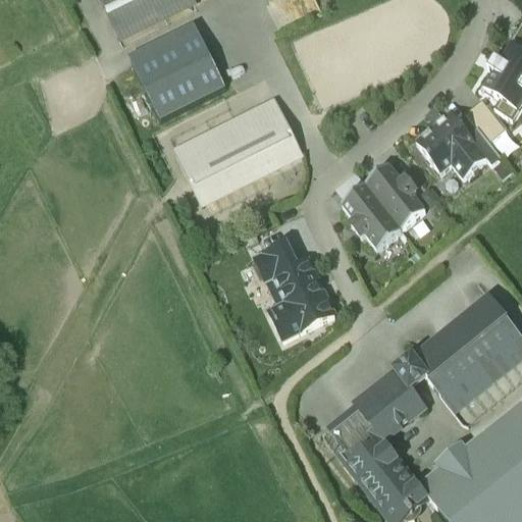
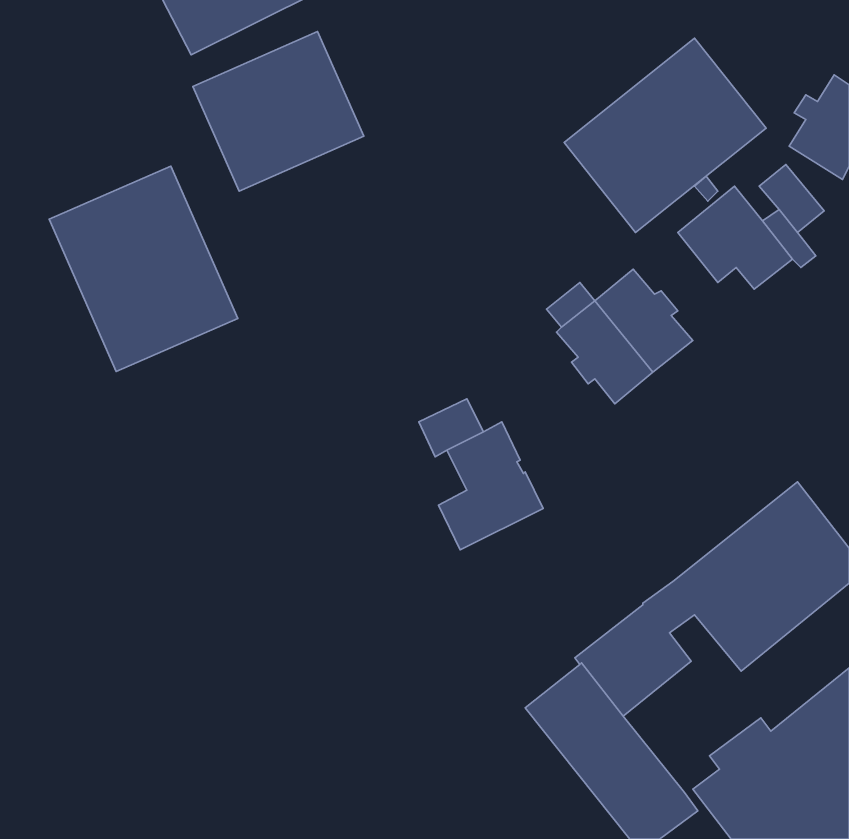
building: none -> [564,38,766,233]
building: [176,102,300,203] -> none
building: none -> [49,166,238,372]

